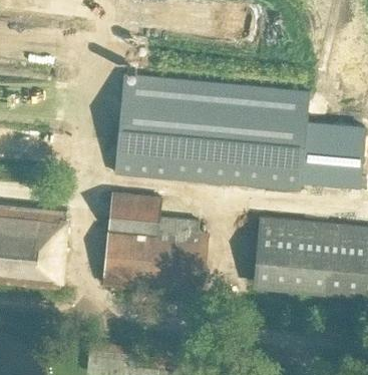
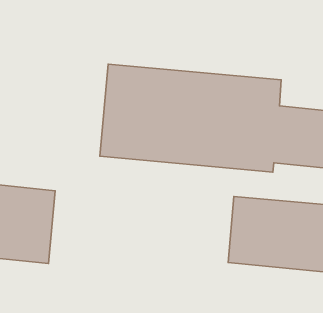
building: [102,192,209,296] -> none

